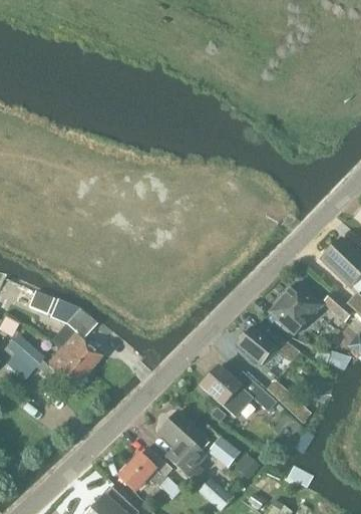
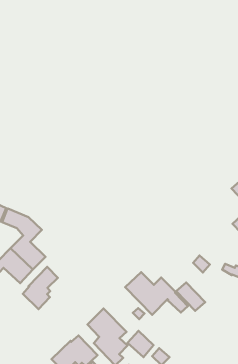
building: [271,283,320,333] -> none
building: [237,326,276,363] -> none
building: none -> [23,267,58,309]

